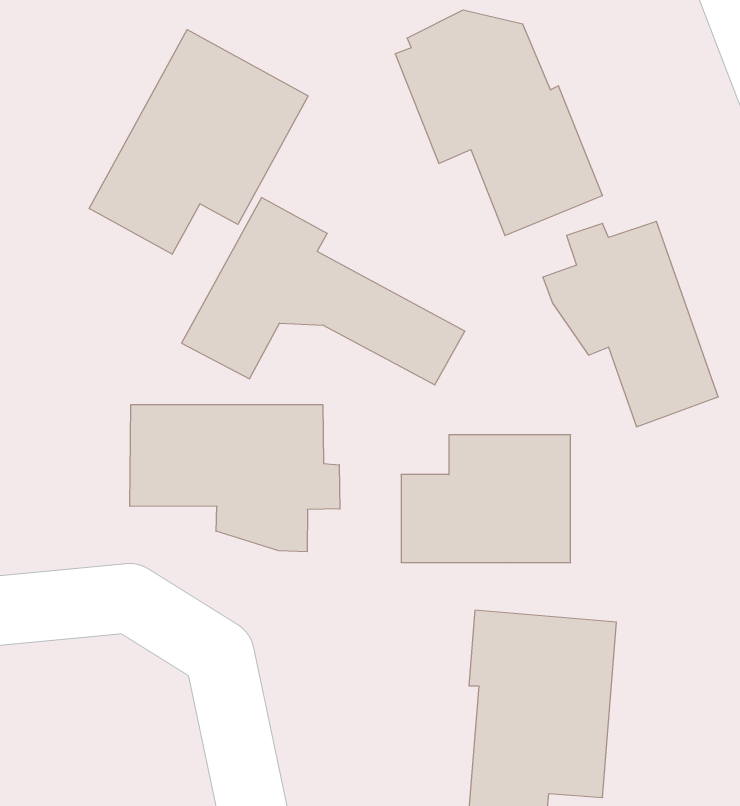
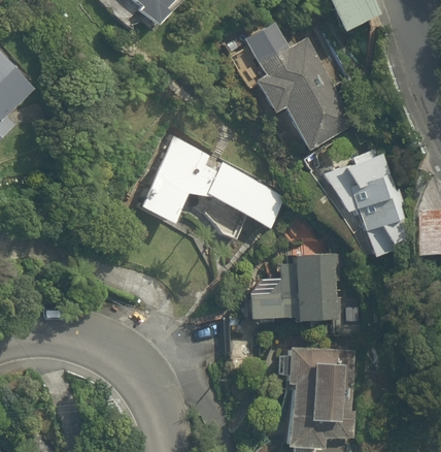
building: [89,30,308,254] -> none
building: [130,405,340,552] -> none

